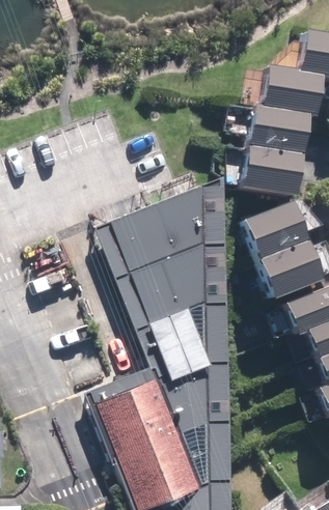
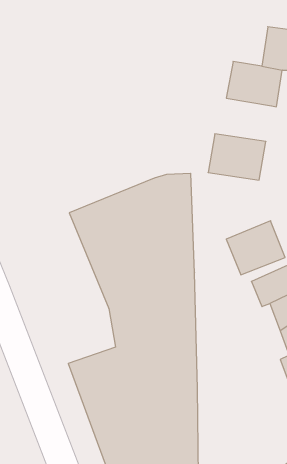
building: [249,105,310,152] -> none
building: [246,199,309,257] -> none

